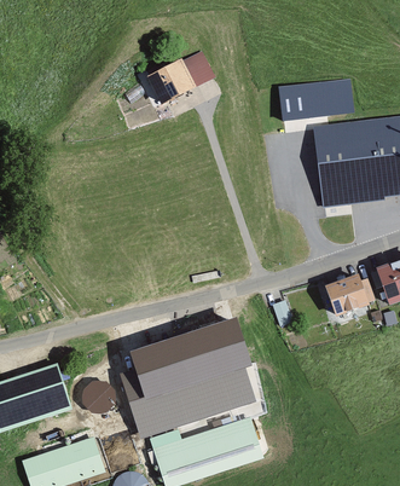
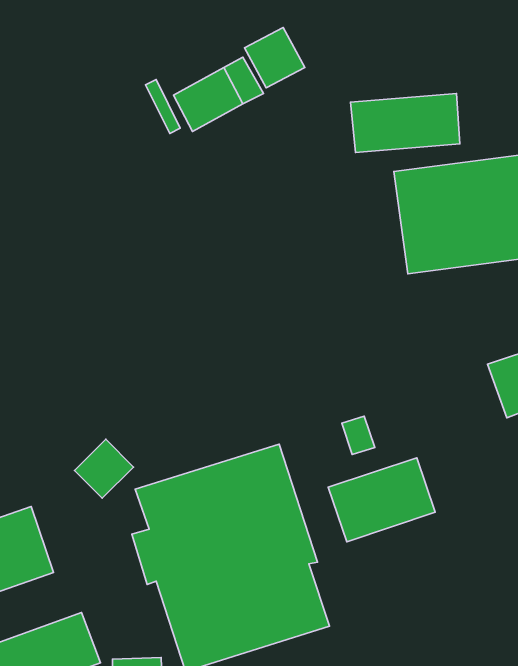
building: none -> [244,28,305,88]
building: [323,272,369,314] -> none
building: none -> [328,458,435,542]
building: [80,372,121,413] -> [74,439,133,498]

